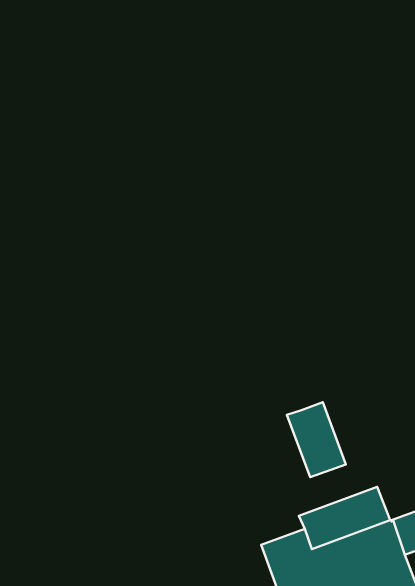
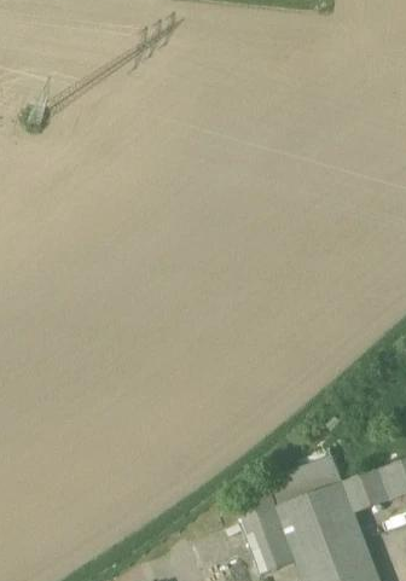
building: [287,402,346,477] -> none

